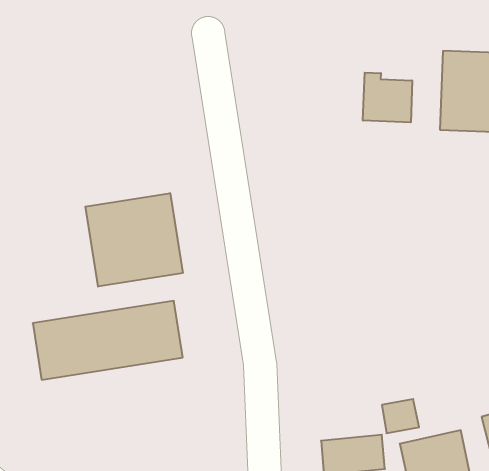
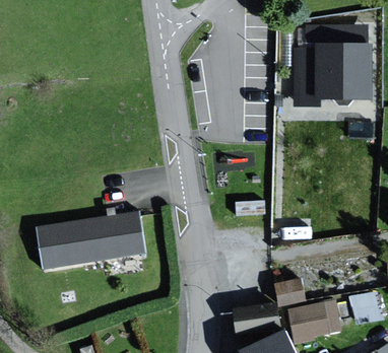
building: [363,73,412,122] -> none
building: [85,193,183,287] -> none

